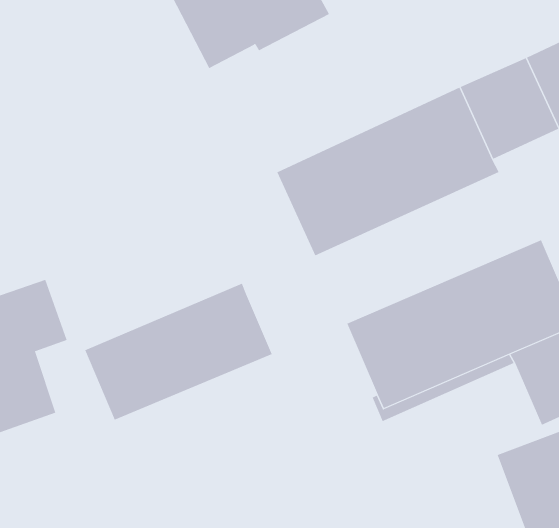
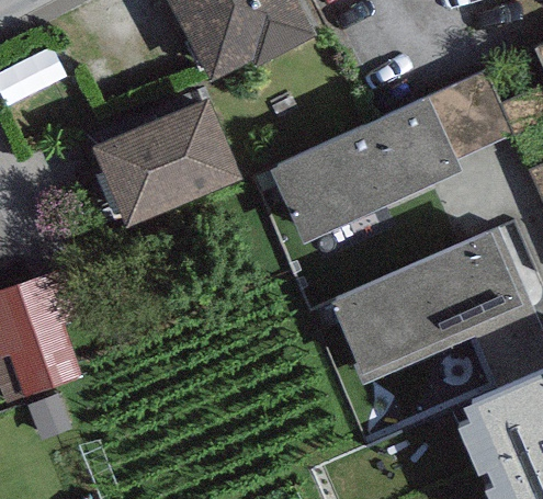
building: none -> [91,98,240,225]
building: [85,283,272,420] -> none

